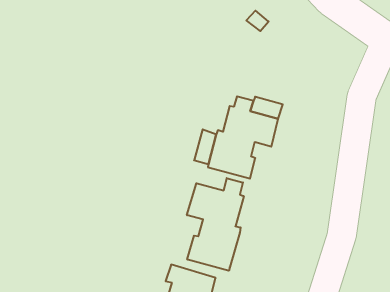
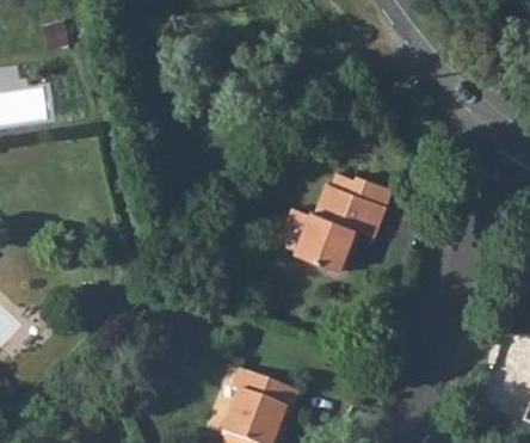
building: [187,178,244,271] -> none

